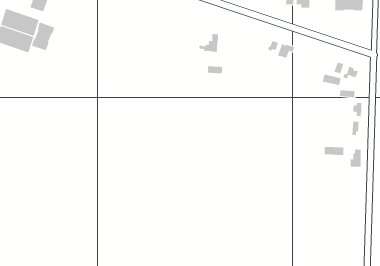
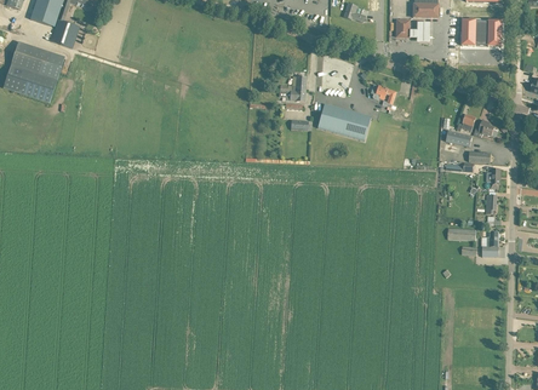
building: [31,22,55,51] -> none
building: none -> [316,103,370,139]

